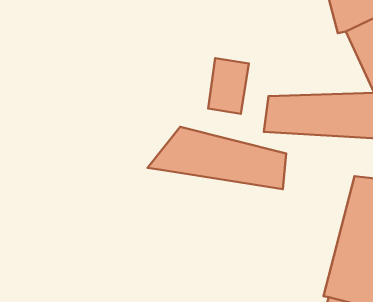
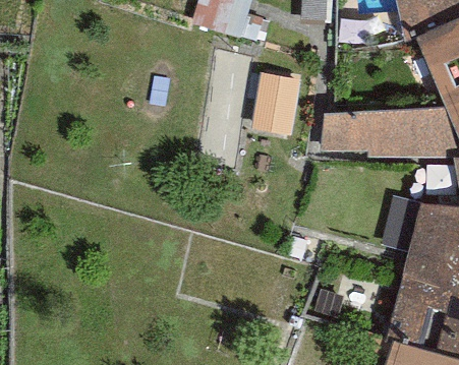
building: [148,127,286,189] -> none

